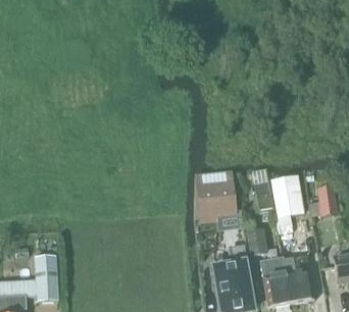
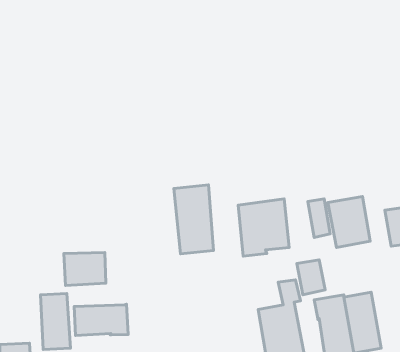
building: none -> [174,185,214,254]
building: none -> [64,252,106,286]
building: none -> [74,304,128,336]

